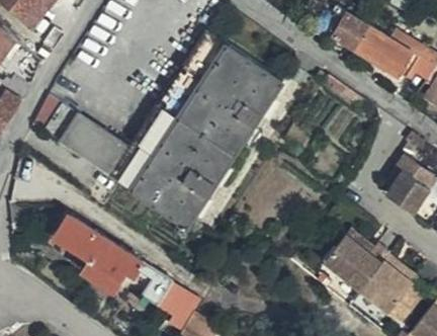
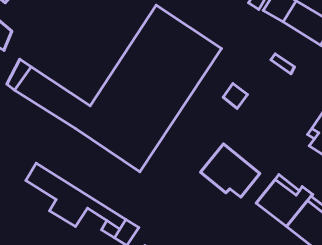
building: none -> [201,144,260,197]

